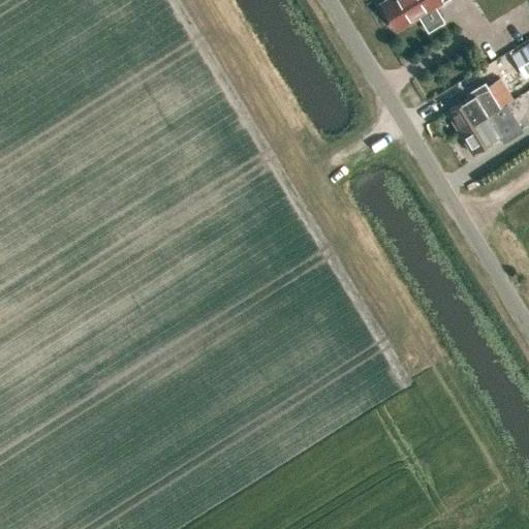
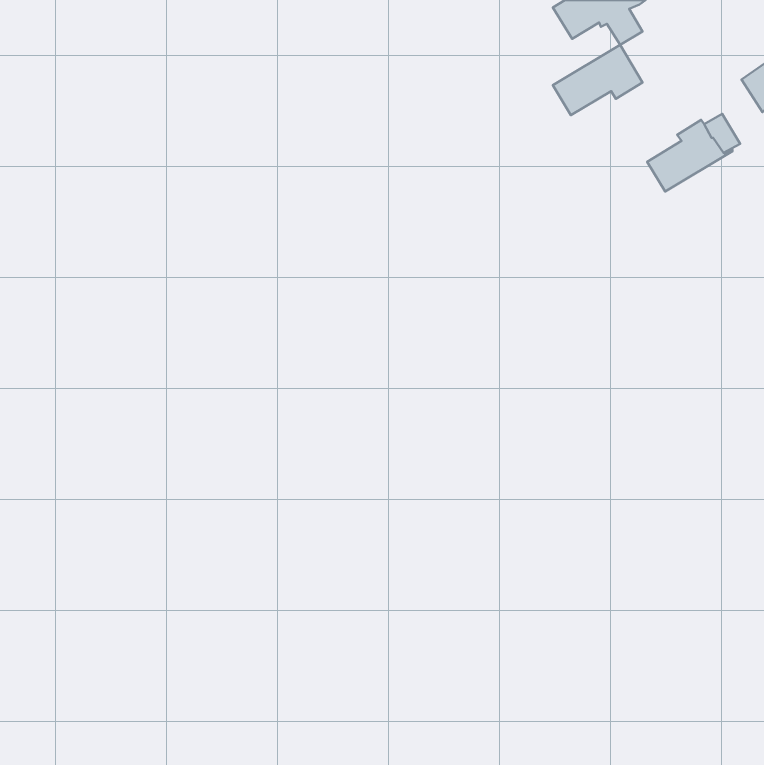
building: [460,104,522,153] -> [553,45,643,115]

